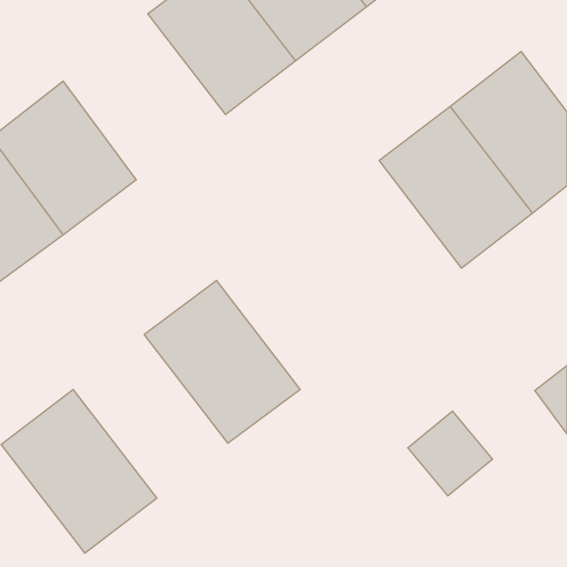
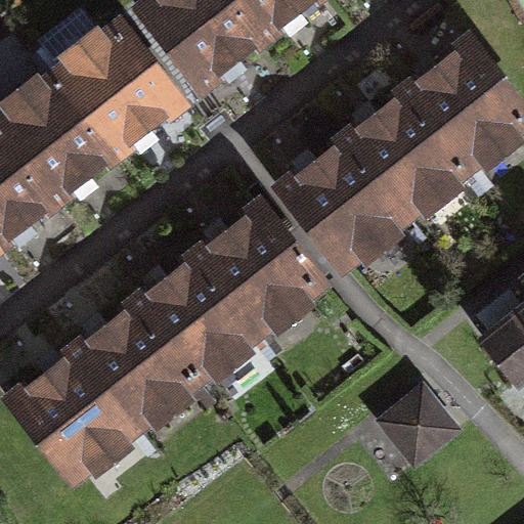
building: none -> [56,21,187,161]
building: none -> [275,143,412,288]
building: none -> [193,202,332,348]
building: none -> [66,299,204,445]

